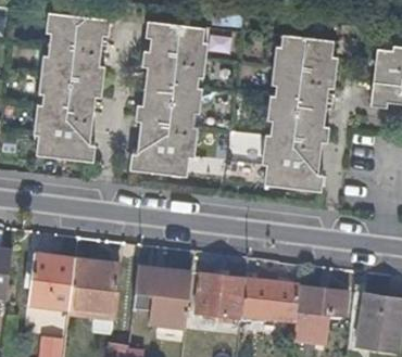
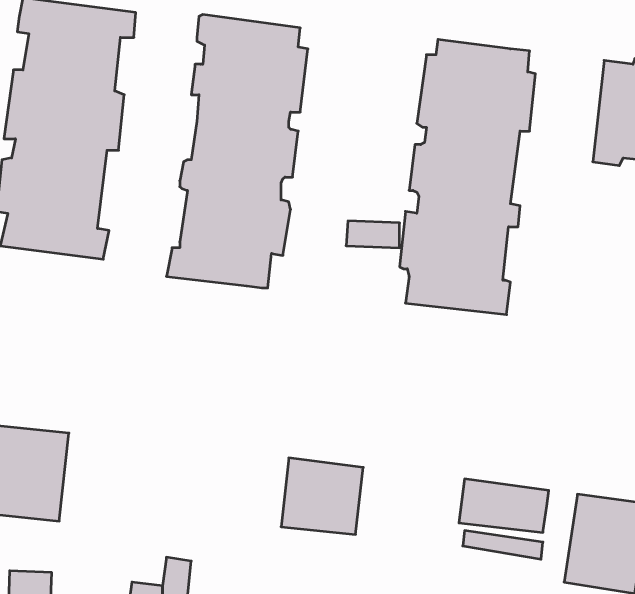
building: [67,259,117,318] -> none
building: [131,266,189,317] -> none
building: [240,280,299,321] -> none

